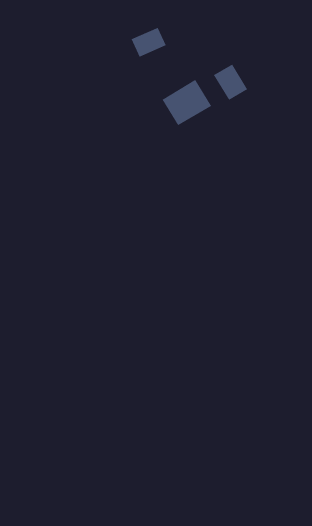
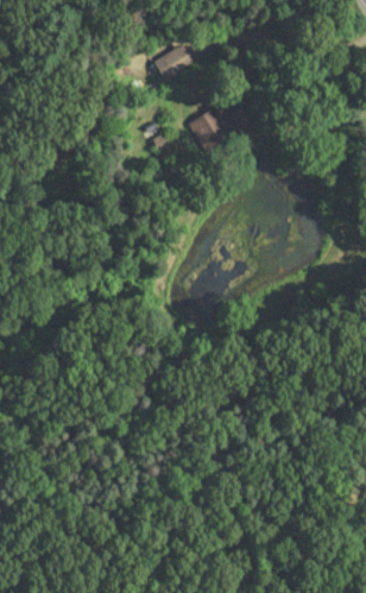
building: [213,64,248,101] -> none

